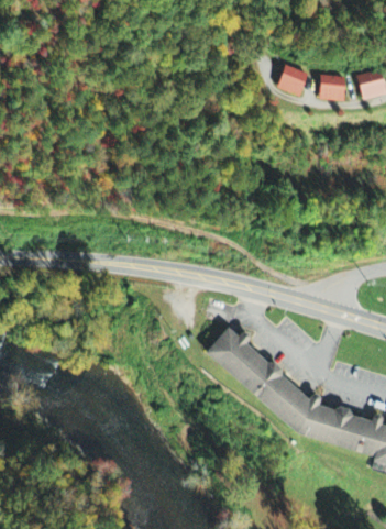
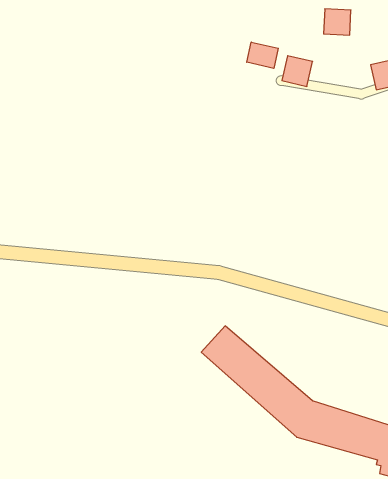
building: none -> [247,42,278,68]
building: [322,75,349,100] -> [324,9,351,35]

